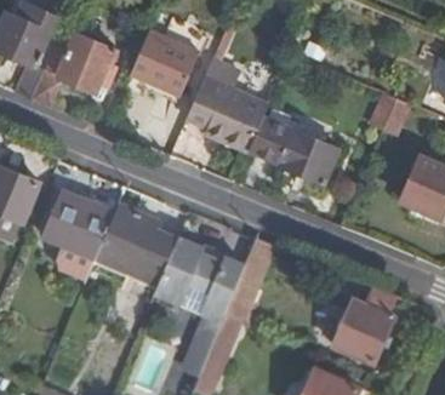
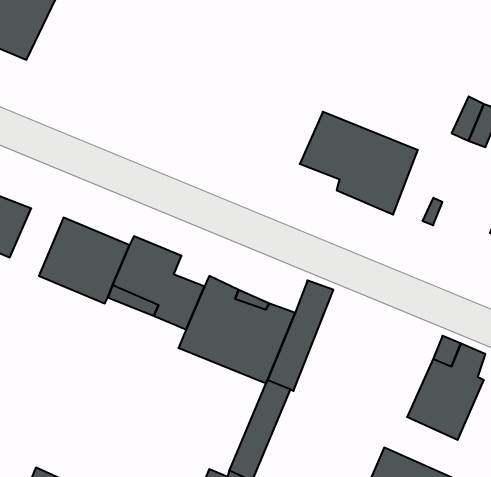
building: [32,25,118,107] -> none
building: [127,28,196,95] -> none
building: [183,61,267,150] -> none

